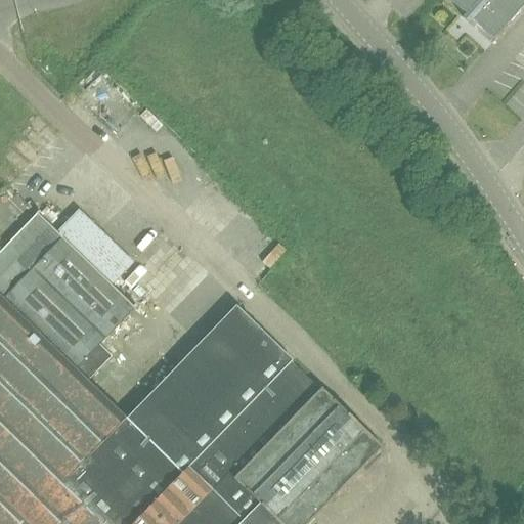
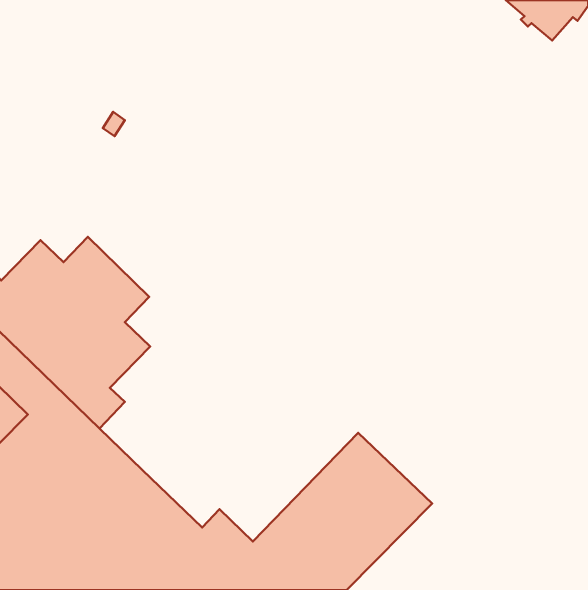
building: [126,304,317,480] -> none

